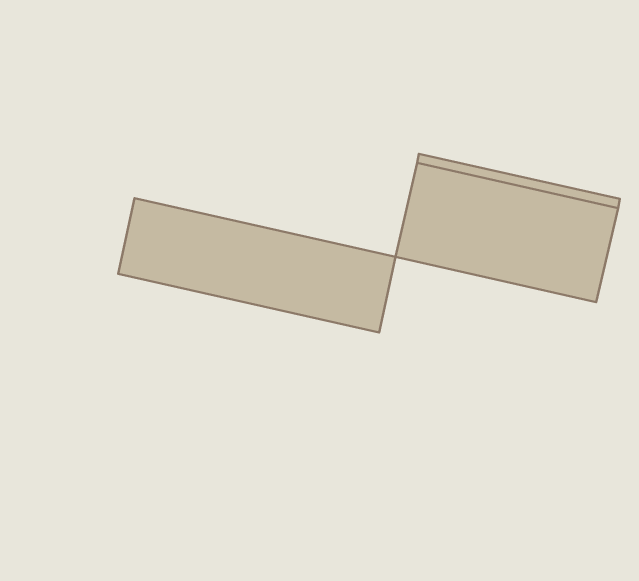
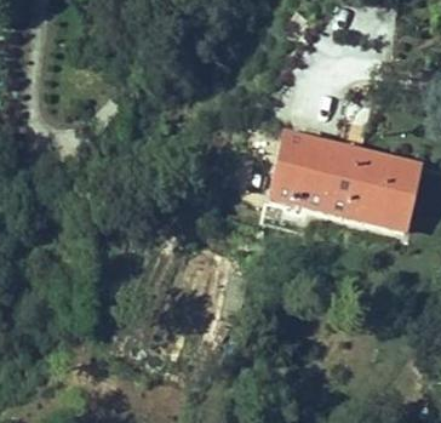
building: [118,198,396,333] -> none

